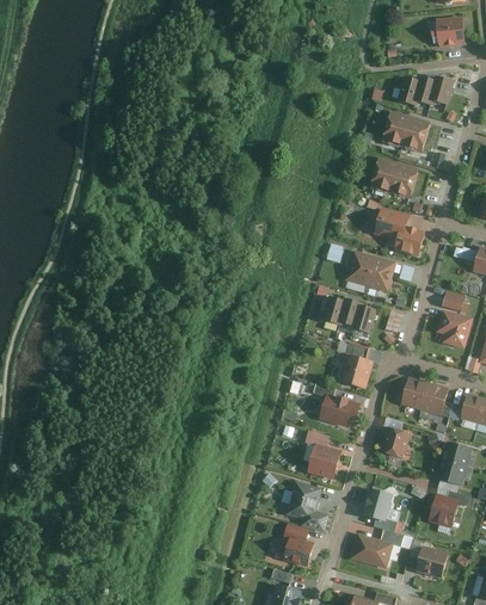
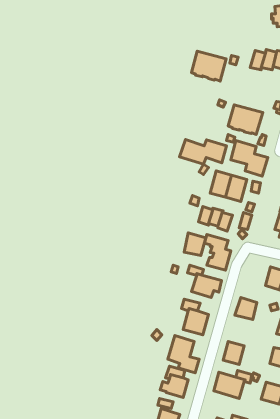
building: [381,109,430,150] -> [191,51,226,81]
building: none -> [179,140,227,164]
building: none -> [184,233,206,256]
building: [400,377,429,409] -> none

